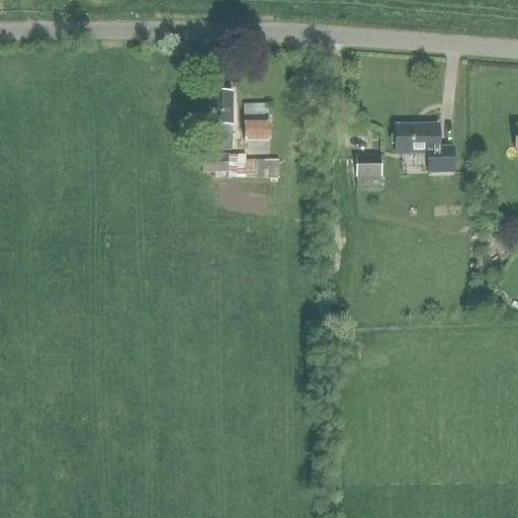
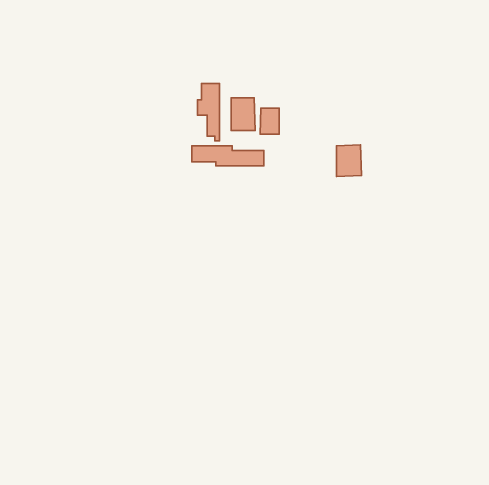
building: none -> [260,108,279,134]
building: [396,122,452,171] -> none

